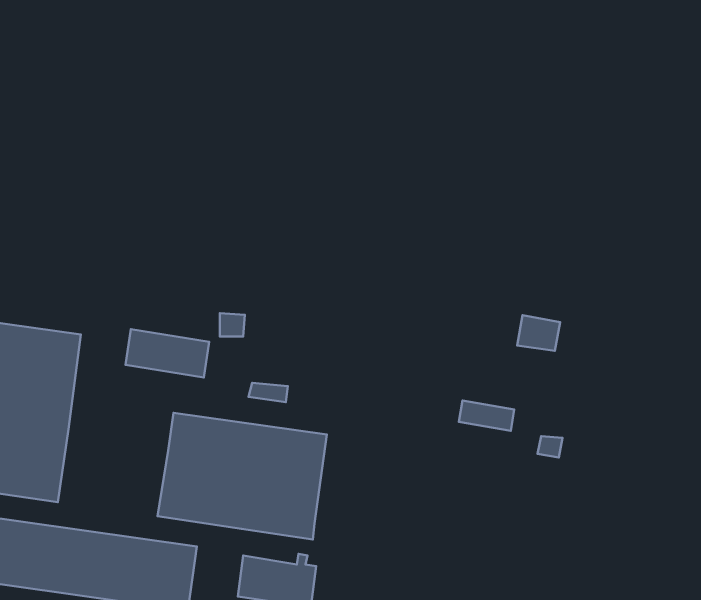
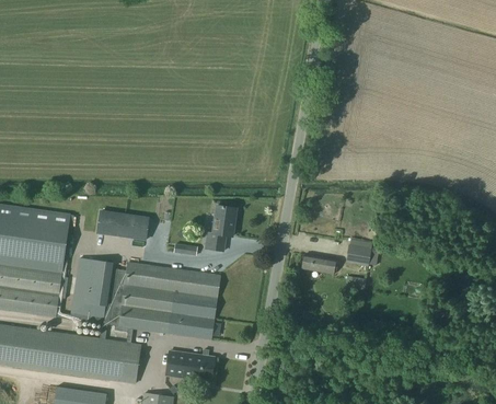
building: [517,315,560,351] -> [344,243,370,265]
building: none -> [204,205,235,250]
building: none -> [69,257,113,320]

